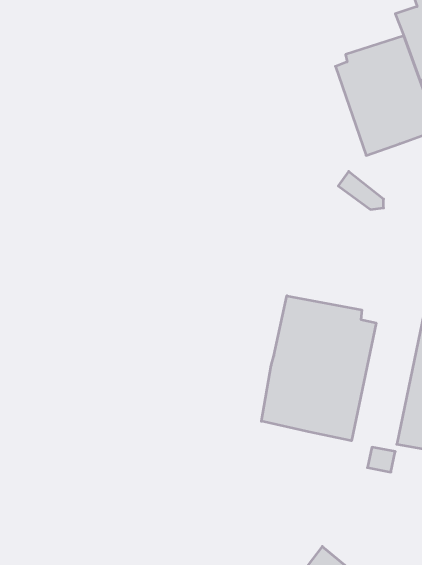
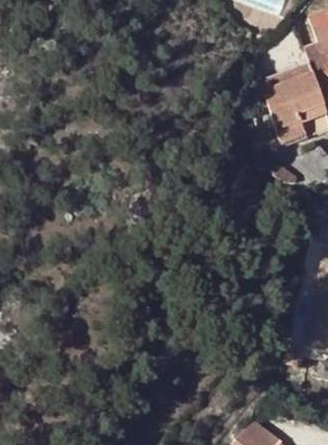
building: [261,296,376,441] -> none

